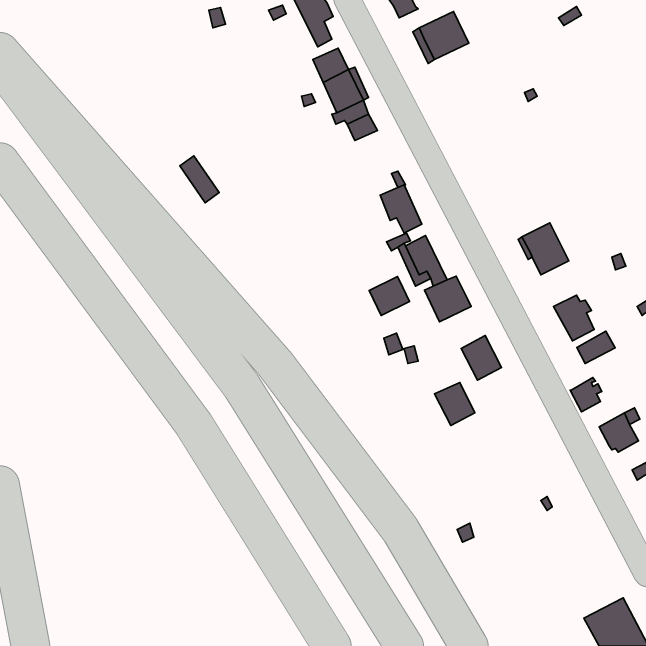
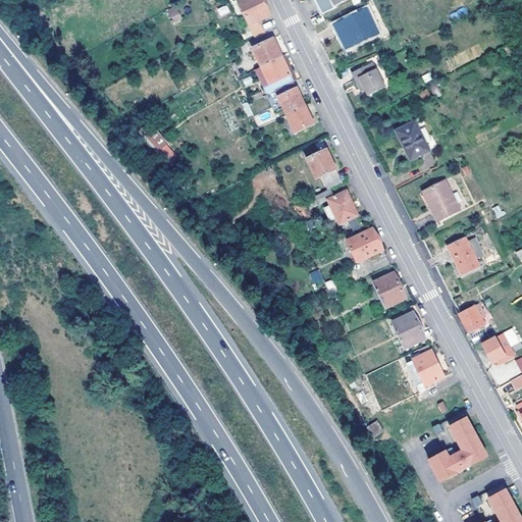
building: none -> [351,64,384,96]
building: none -> [286,105,313,133]
building: none -> [396,120,429,160]
building: [369,277,410,315] -> none
building: [577,331,615,363] -> none
building: [434,382,475,425] -> [393,311,425,346]
building: none -> [407,349,445,384]
building: none -> [428,409,487,480]

